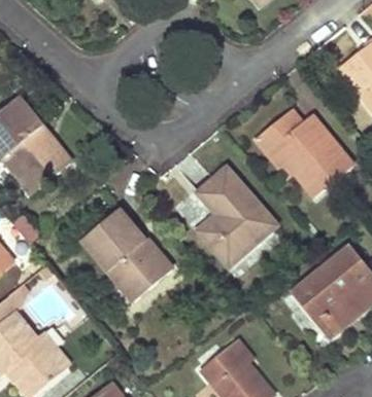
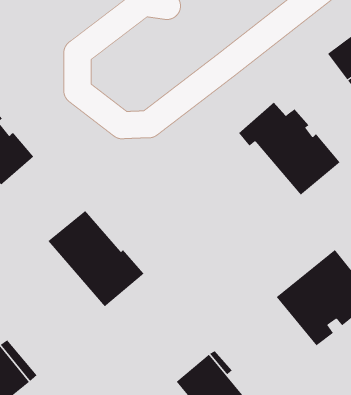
building: [197,168,274,263] -> none

